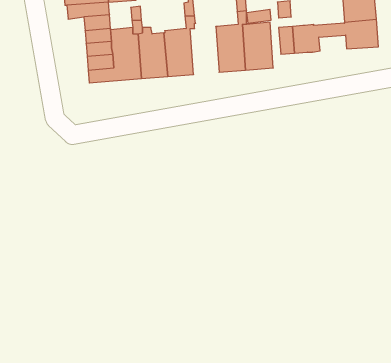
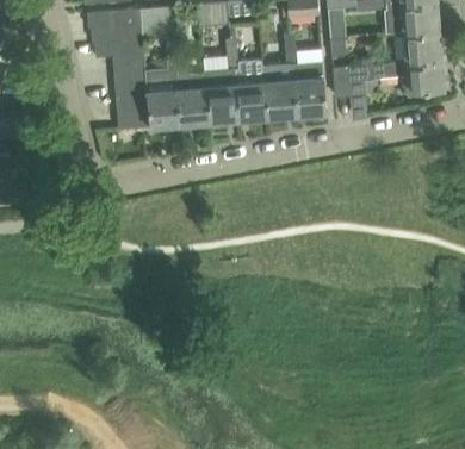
building: none -> [232,62,265,120]

